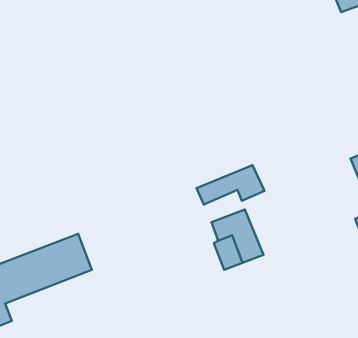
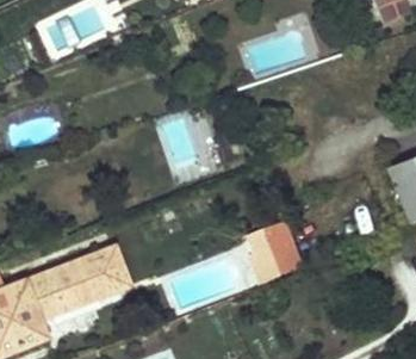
building: [197,165,264,204] -> none

